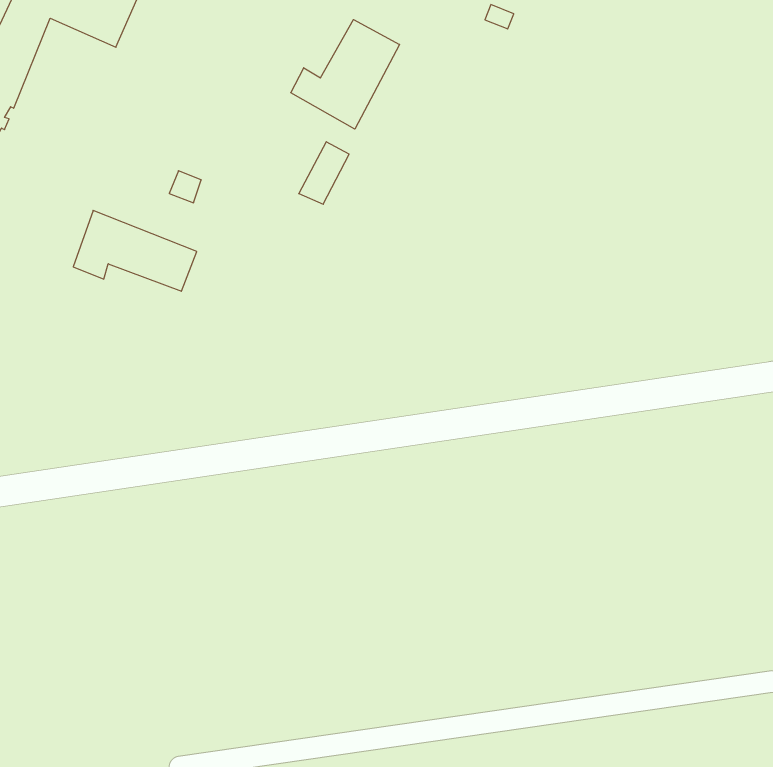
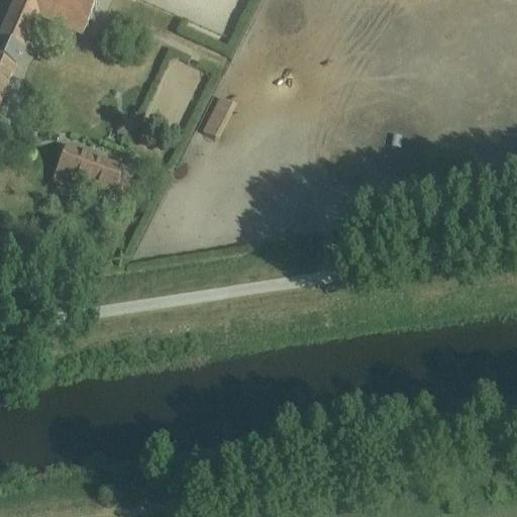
building: [291,20,400,129] -> none

